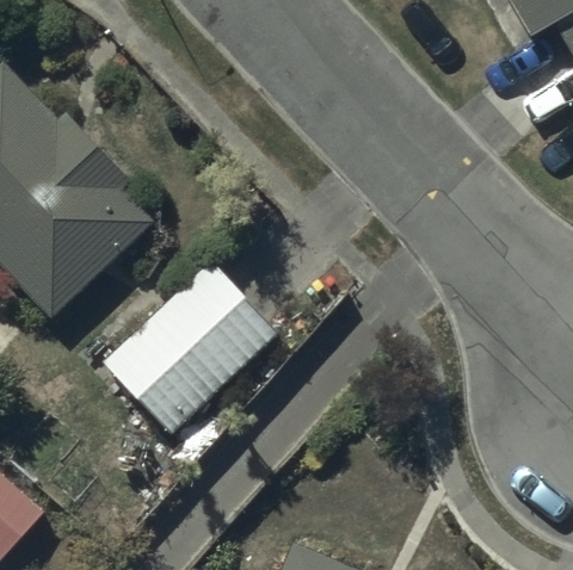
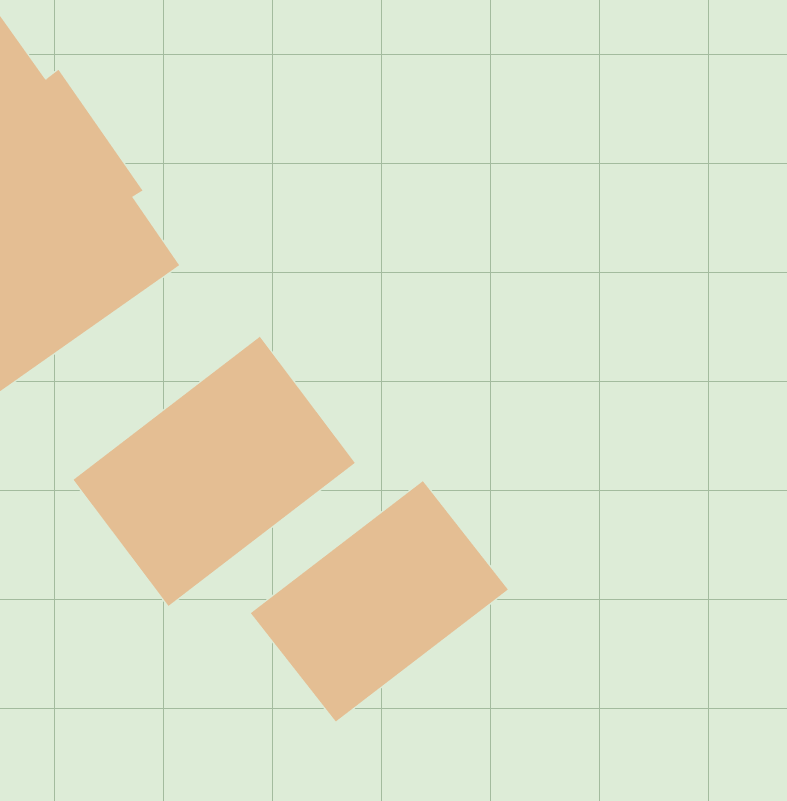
building: none -> [250,480,509,723]

